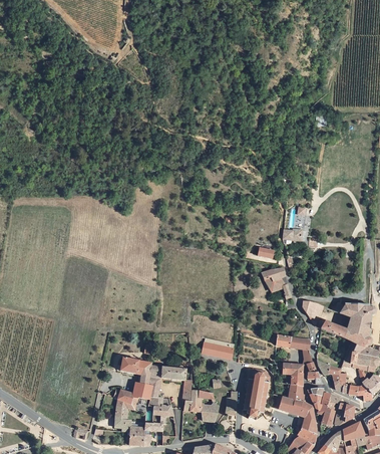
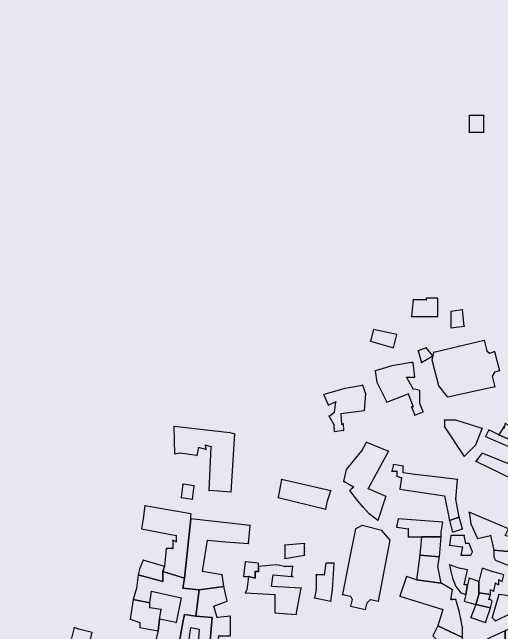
building: none -> [432,340,499,397]
building: none -> [324,385,365,432]
building: none -> [174,426,235,492]
building: none -> [344,442,388,520]

